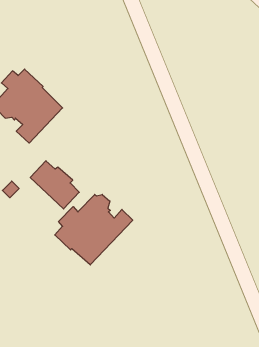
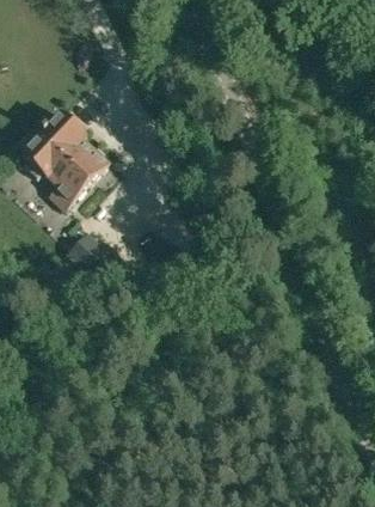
building: [55,194,133,265] -> none

